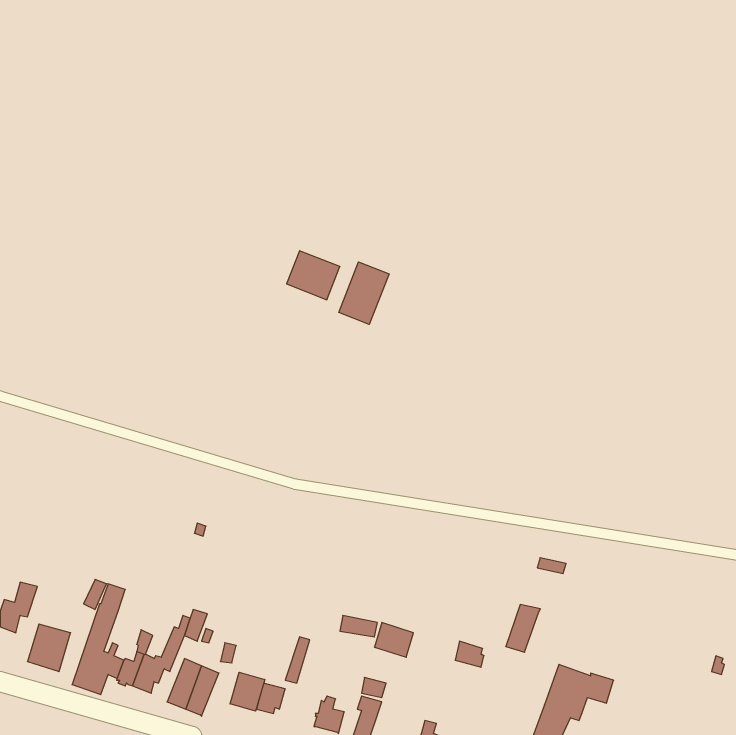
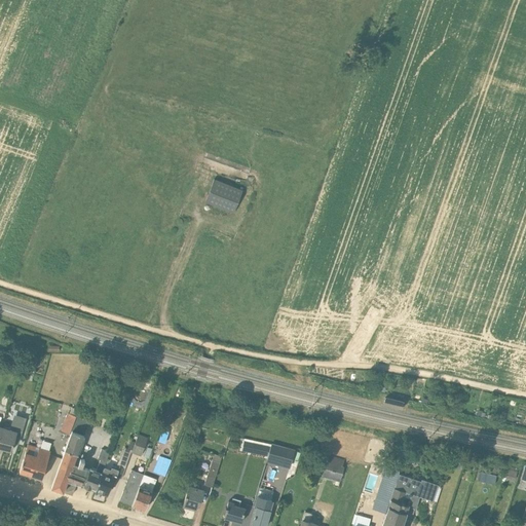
building: [339,262,389,324] -> none
building: [506,605,540,652] -> [375,469,400,503]
building: [230,672,265,711] -> none

